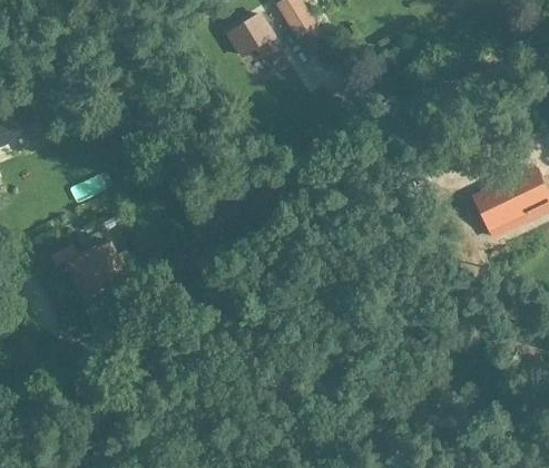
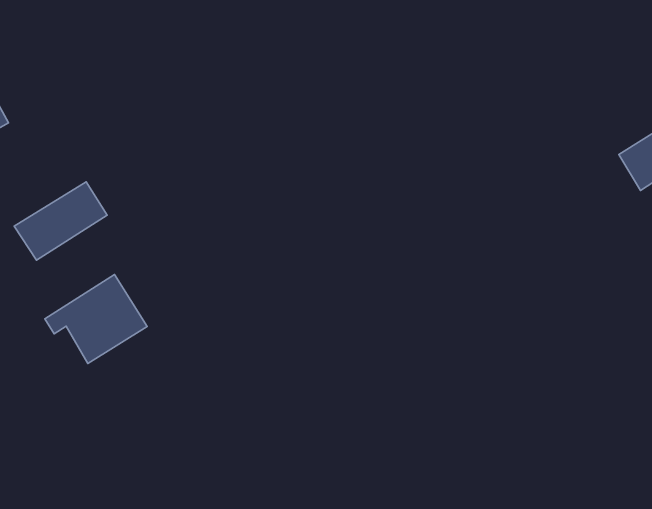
building: none -> [14,182,107,260]

